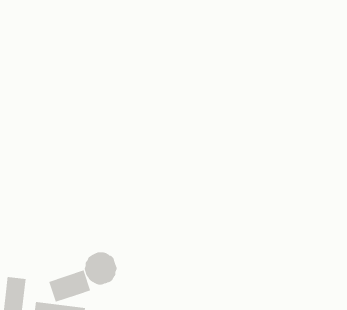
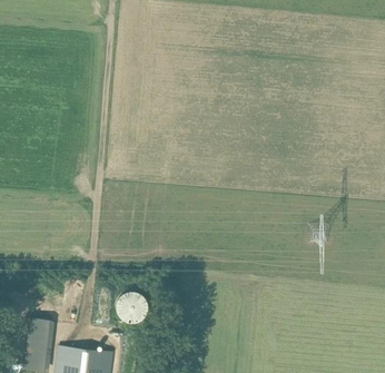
building: [48,270,91,302] -> none

